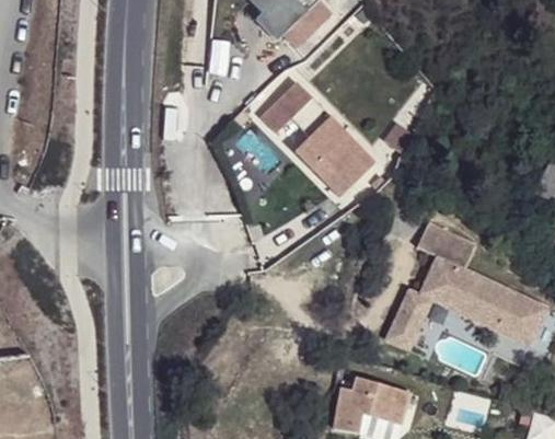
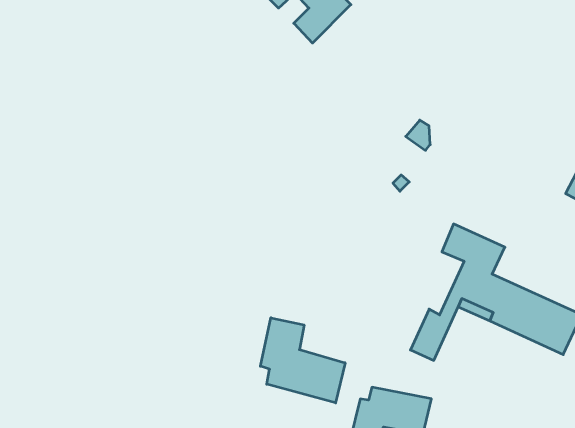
building: [258,84,372,198] -> none
building: none -> [260,318,345,403]

